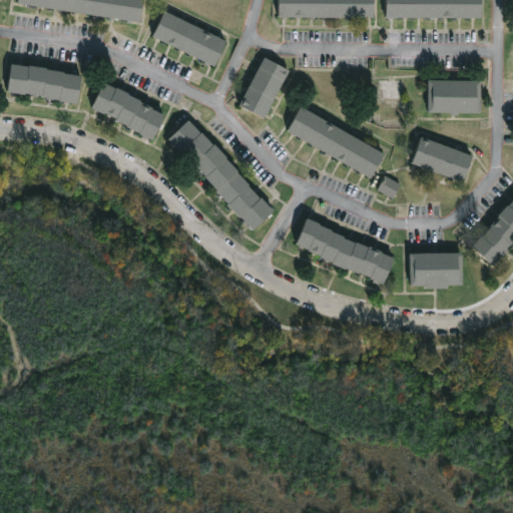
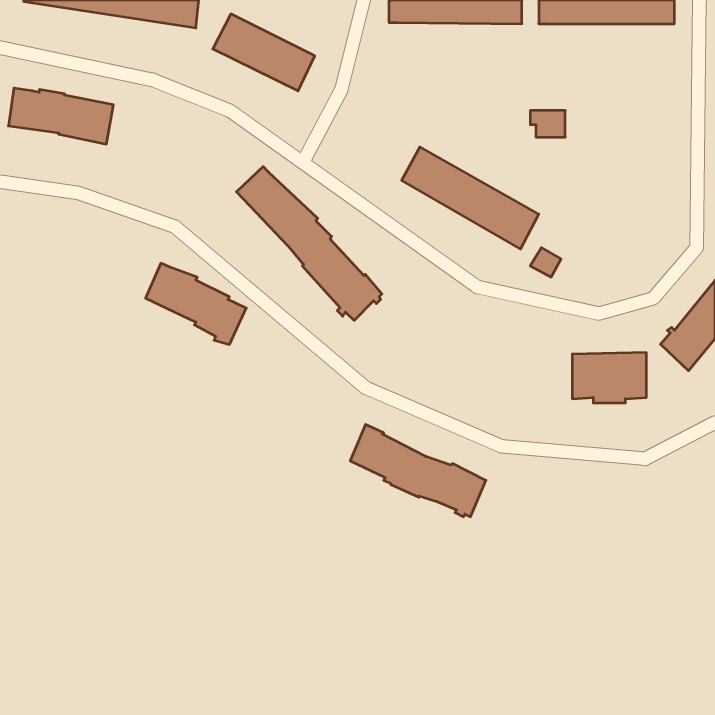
building: [238,56,290,118] -> none
building: [428,79,481,115] -> none
building: [92,82,164,140] -> [146,263,246,344]
building: [413,136,473,180] -> none
building: [297,217,394,284] -> [350,424,486,517]

